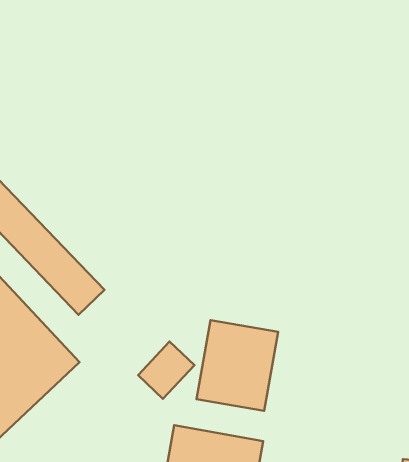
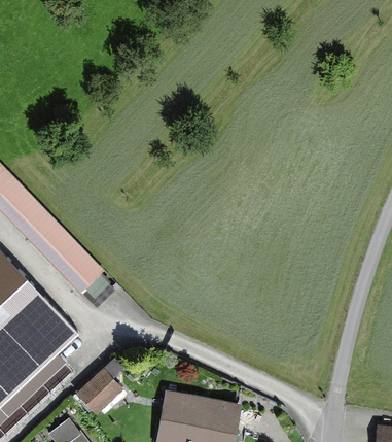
building: [197,320,278,411] -> none
building: [138,341,194,399] -> [75,364,127,416]

